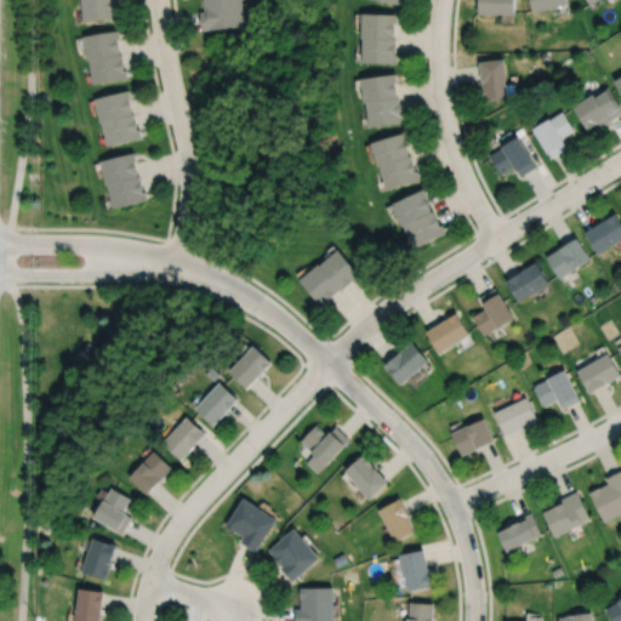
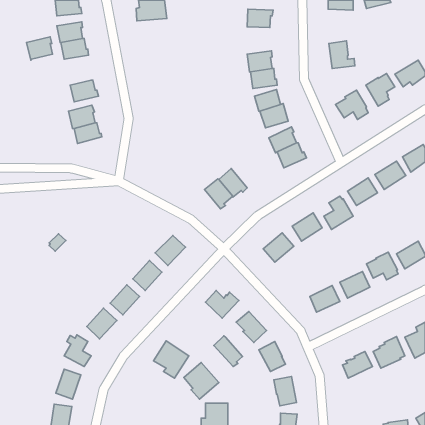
building: [360,41,397,67] -> none
building: [95,93,132,127] -> [27,37,53,60]
building: none -> [214,336,242,366]

